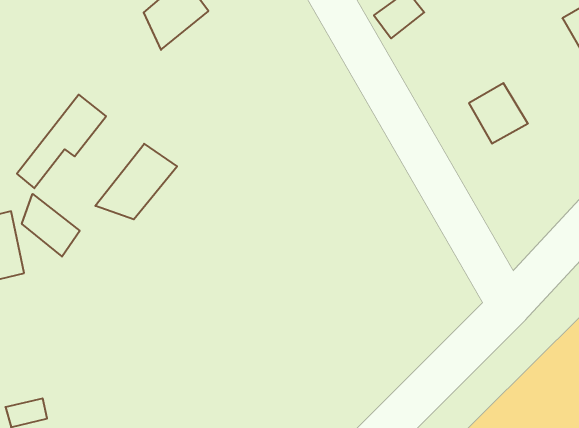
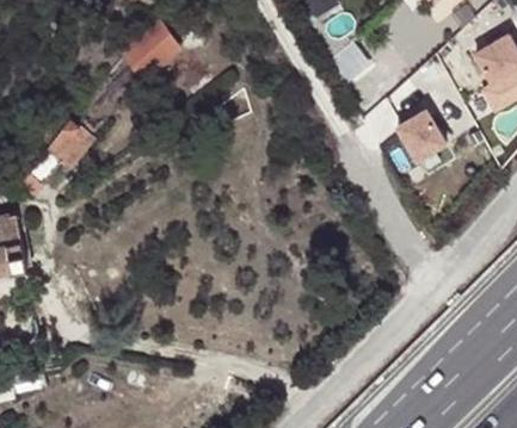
building: [95,144,177,219] -> none
building: [22,194,80,257] -> none

